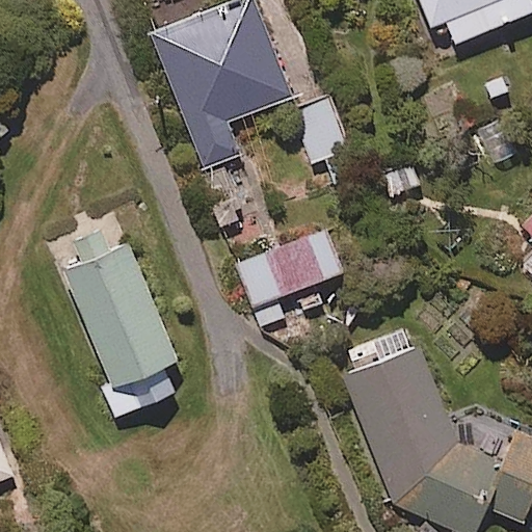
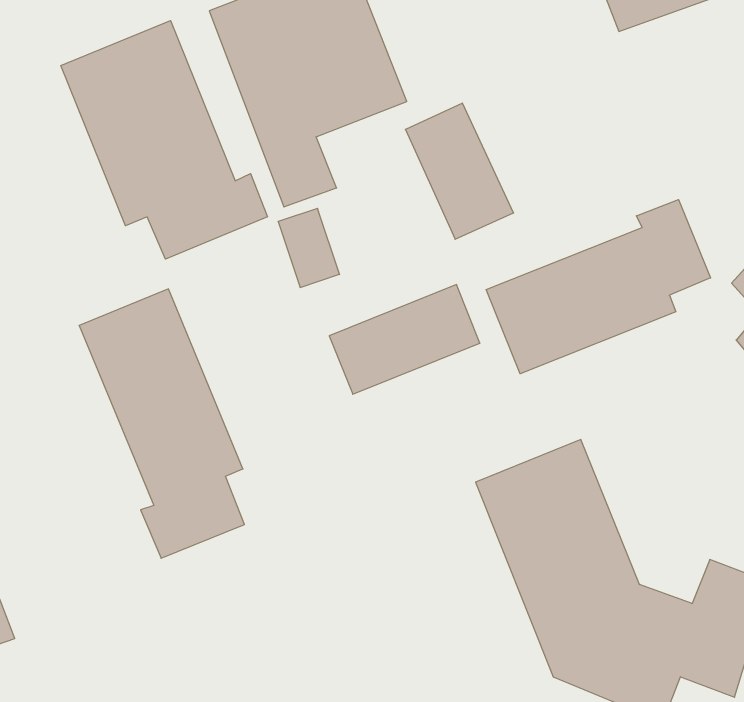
building: none -> [61,21,267,259]
building: none -> [486,200,711,374]

